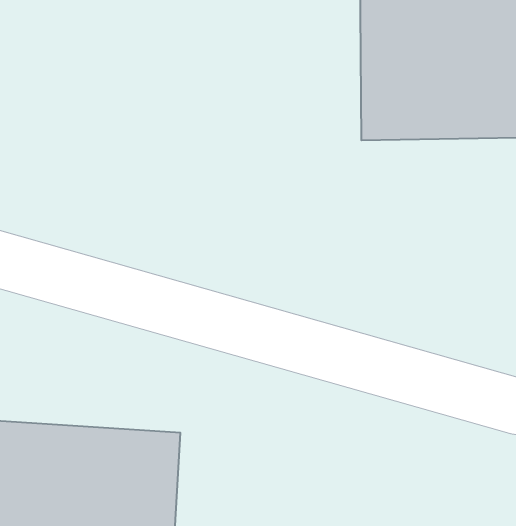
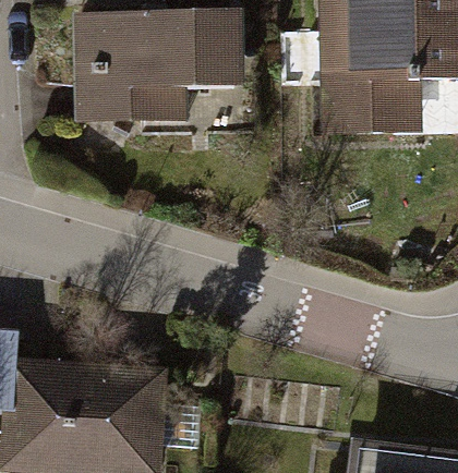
building: none -> [79,12,246,106]

